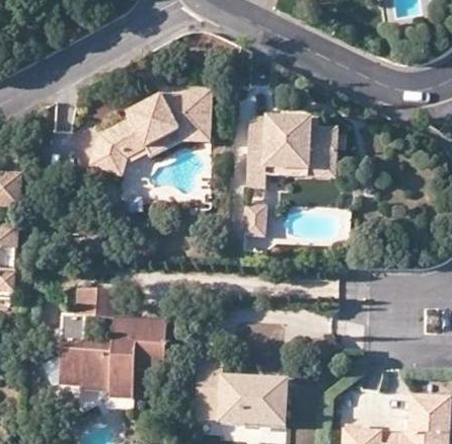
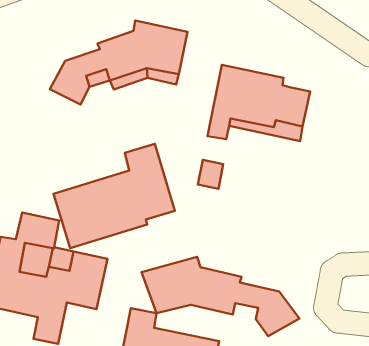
building: none -> [53,144,175,248]
building: none -> [141,257,300,336]

